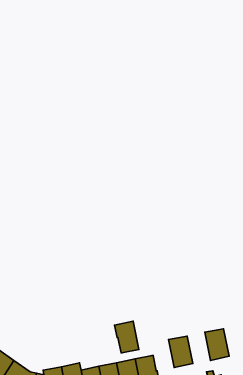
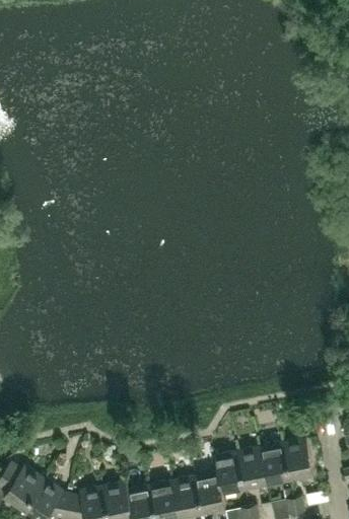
building: [115,321,139,353] -> [214,454,245,494]
building: none -> [261,445,290,485]

